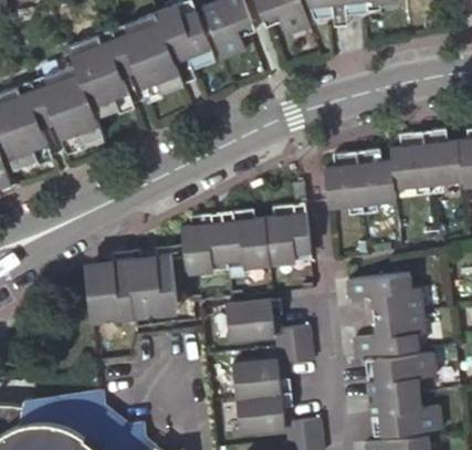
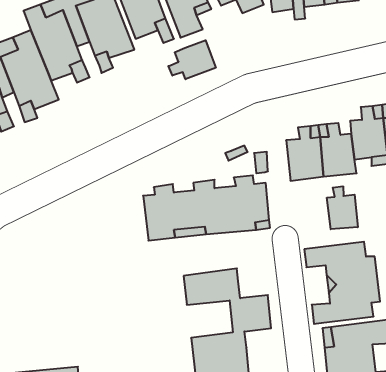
building: none -> [168,40,216,79]
building: none -> [327,186,358,229]
building: [86,249,174,317] -> none

